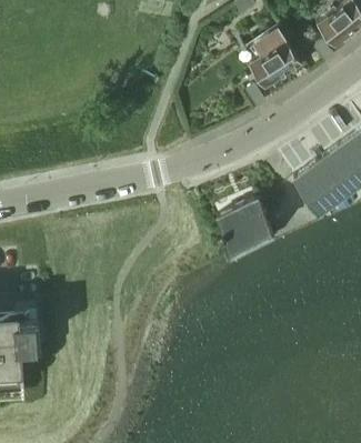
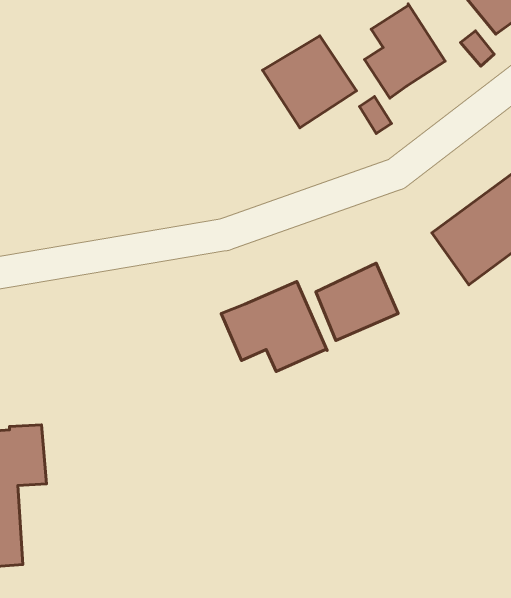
building: none -> [262,36,356,128]
building: none -> [221,282,327,372]

